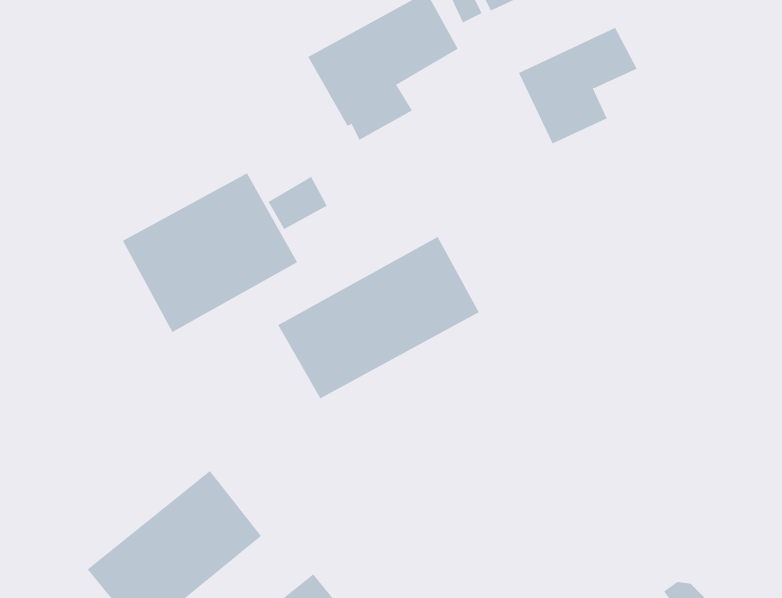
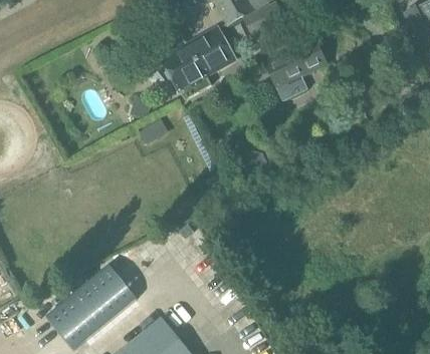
building: [122,173,298,333] -> none
building: [278,236,480,399] -> none

